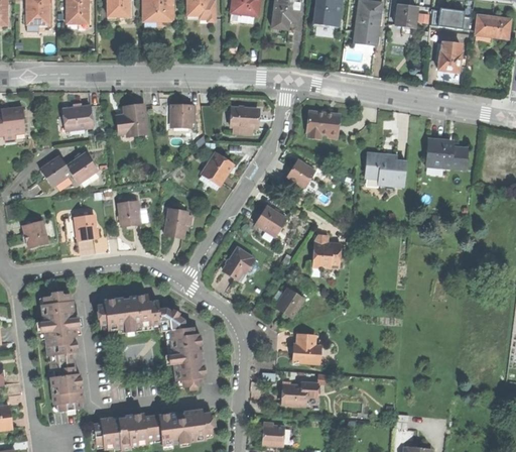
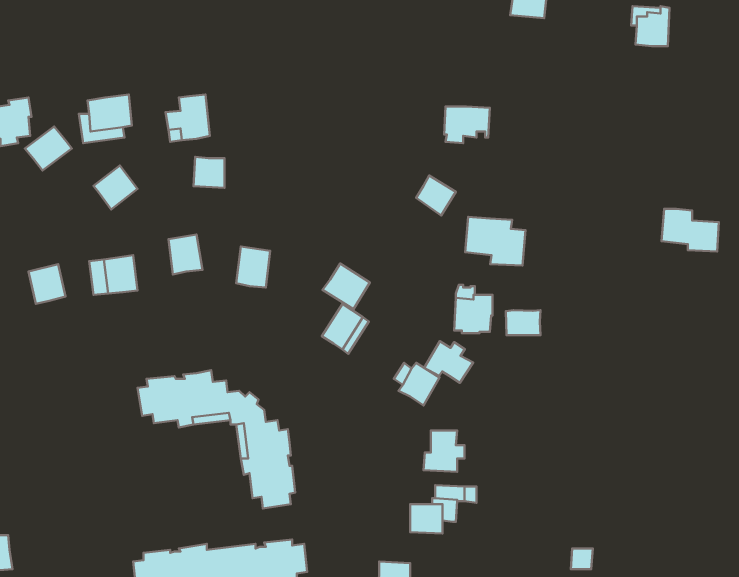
building: [169,103,190,124] -> [194,157,225,188]
building: [230,107,256,134] -> none
building: [426,139,466,168] -> [661,209,719,252]
building: [203,151,235,183] -> none
building: [364,152,405,186] -> [465,217,526,266]
building: [38,156,71,187] -> [25,126,72,171]
building: [254,205,286,236] -> [323,263,370,309]
building: none -> [506,310,541,335]
building: none -> [424,341,473,383]
building: [41,291,83,411] -> none

